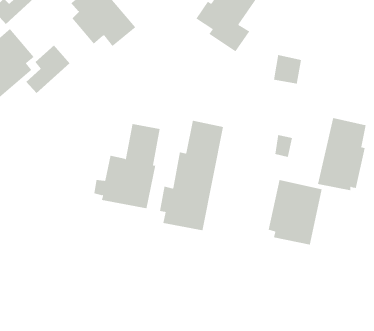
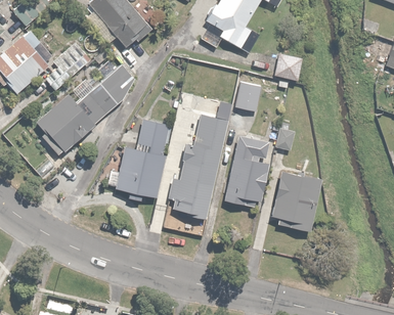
building: none -> [37,63,134,153]
building: none -> [236,84,259,111]
building: [317,117,366,191] -> [224,137,270,206]

